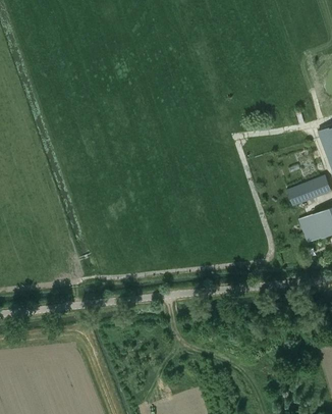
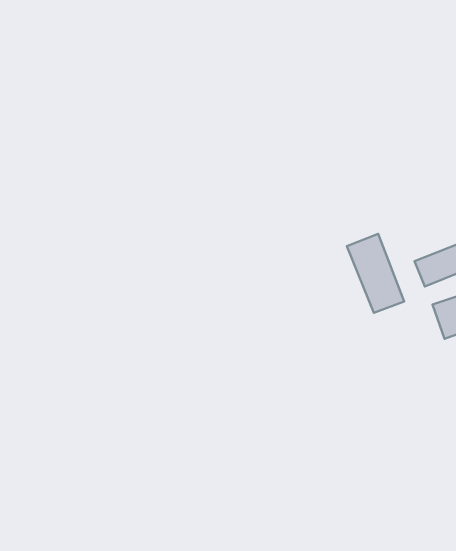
building: none -> [347,234,404,313]

